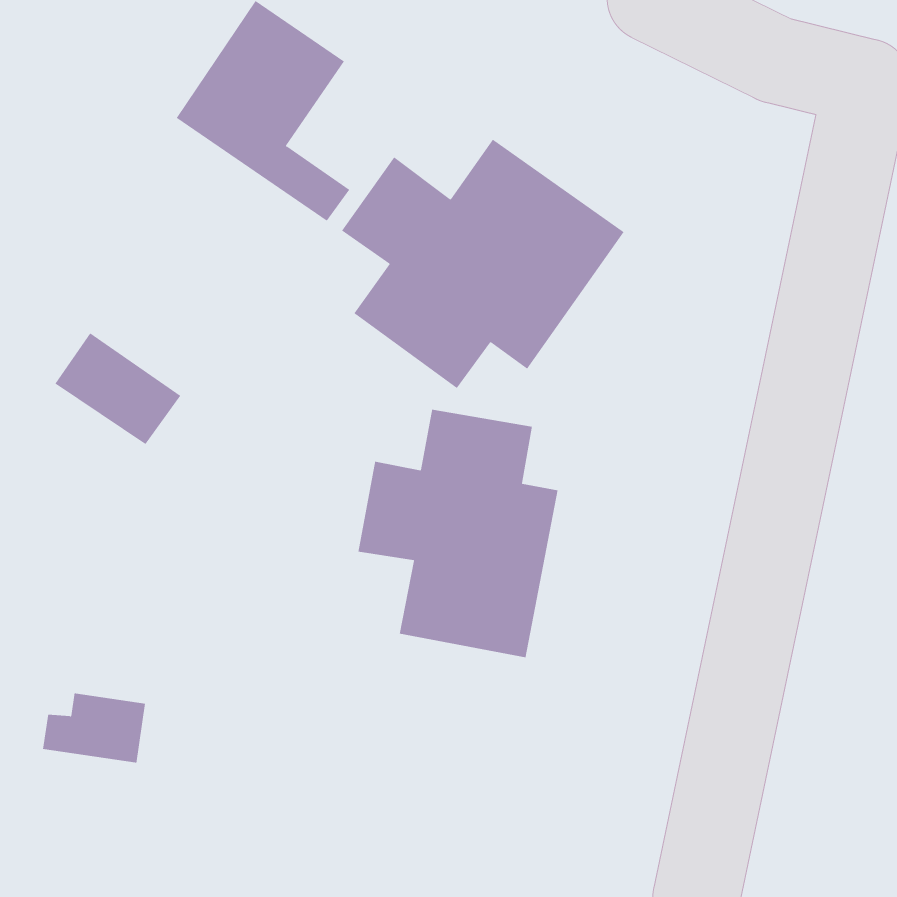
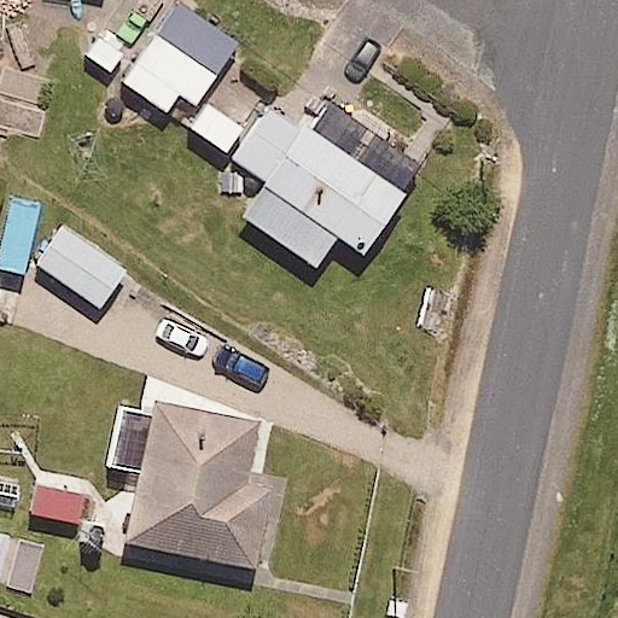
building: [358,409,558,658] -> none
building: none -> [127,403,268,567]

